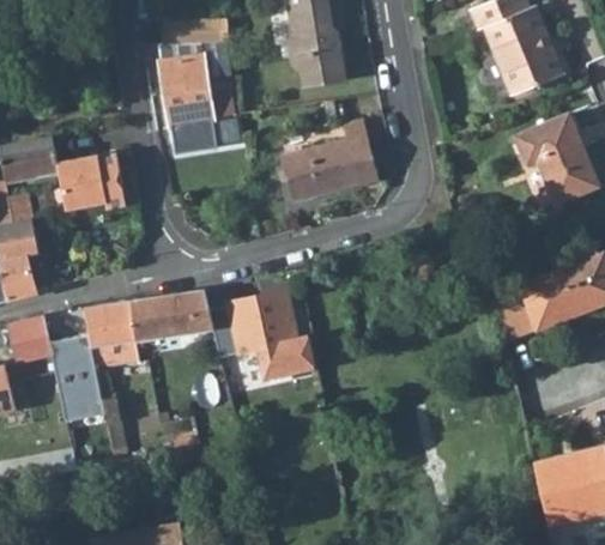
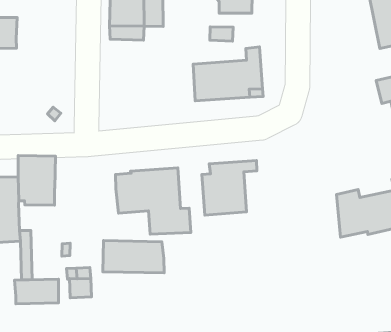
building: [56,152,126,211] -> none
building: none -> [202,160,257,215]
building: [131,290,213,340] -> [103,240,164,273]
building: none -> [15,279,59,304]

